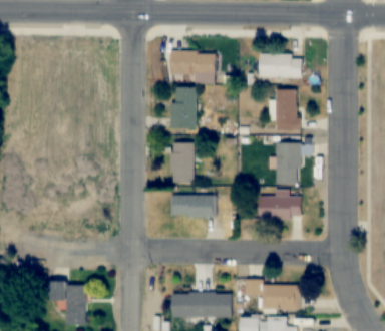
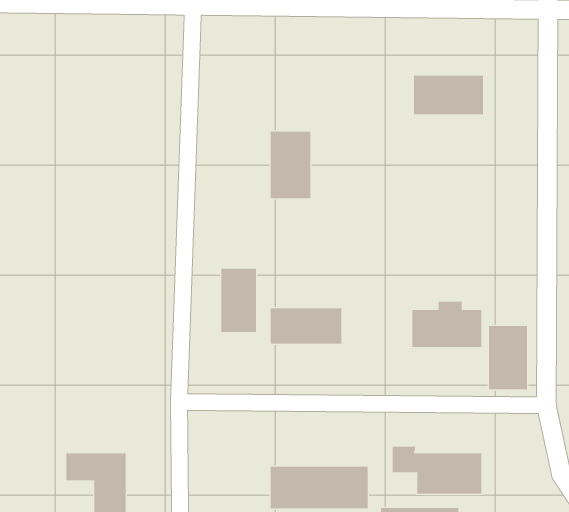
building: [170,52,215,84] -> none
building: [277,90,298,131] -> none
building: [171,143,194,183] -> [220,268,257,332]
building: [276,144,300,184] -> [488,325,528,390]

